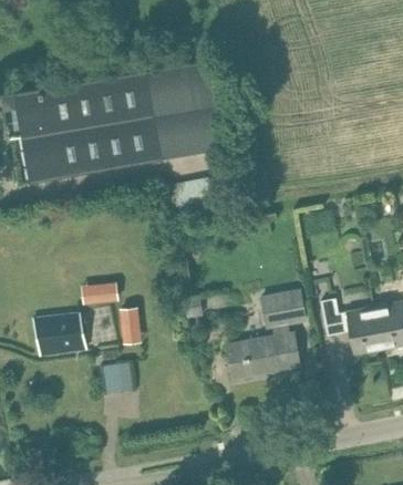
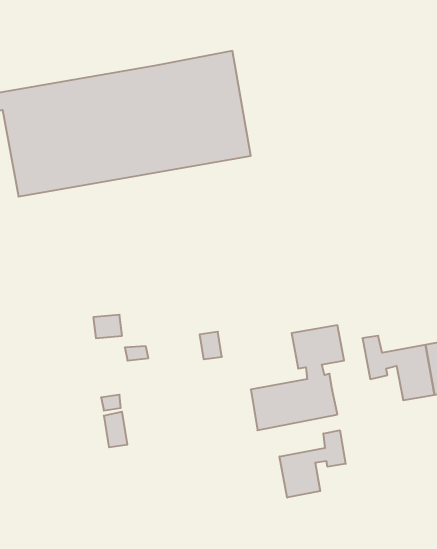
building: [32,312,86,355] -> none
building: none -> [280,430,346,498]

